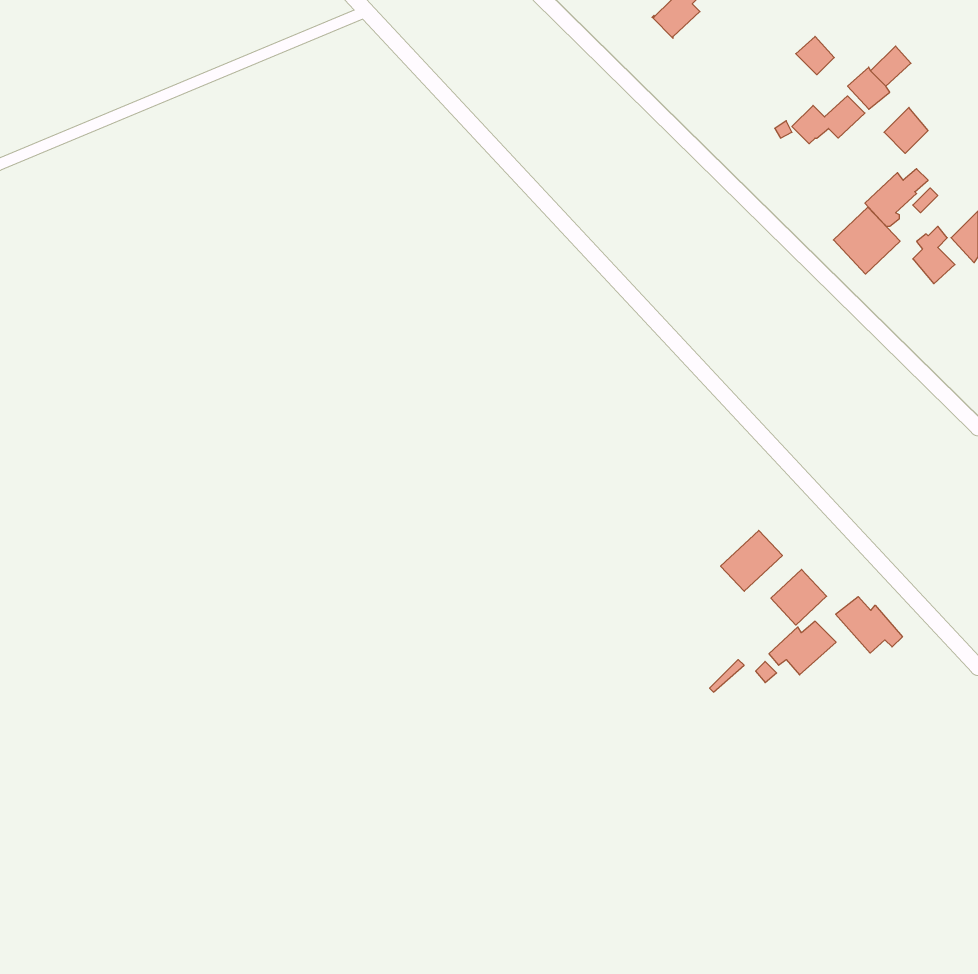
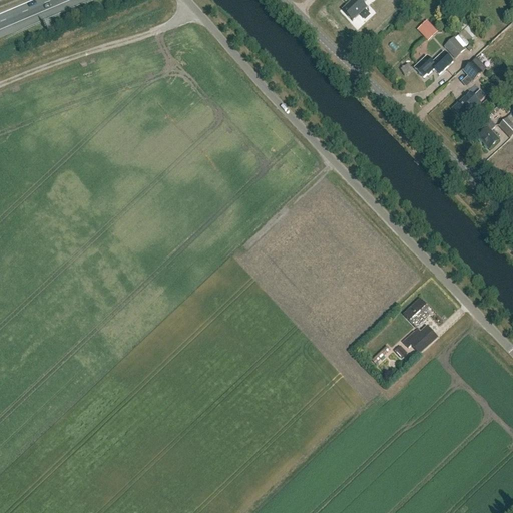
building: [833,207,900,274] -> none
building: [721,530,782,591] -> none
building: [836,597,902,653] -> none

